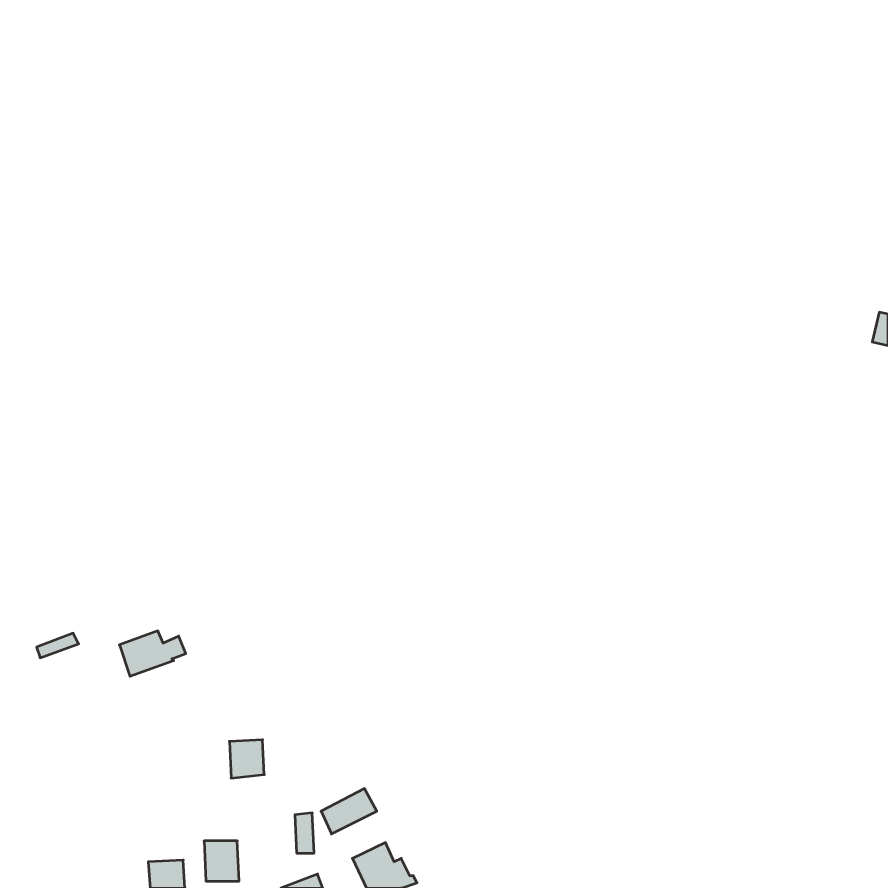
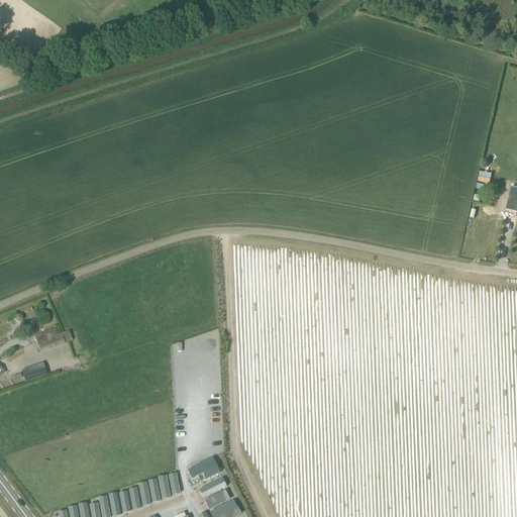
building: [119,631,186,676] -> [32,326,71,352]
building: [229,740,264,778] -> [149,478,170,500]

